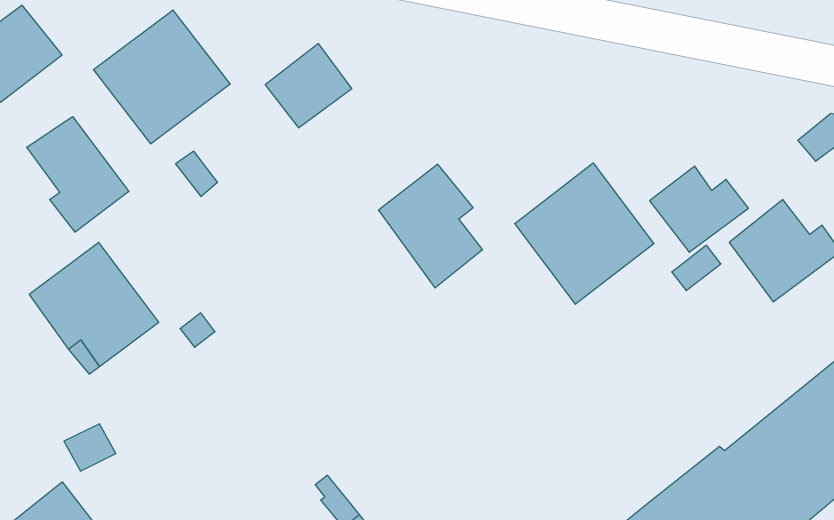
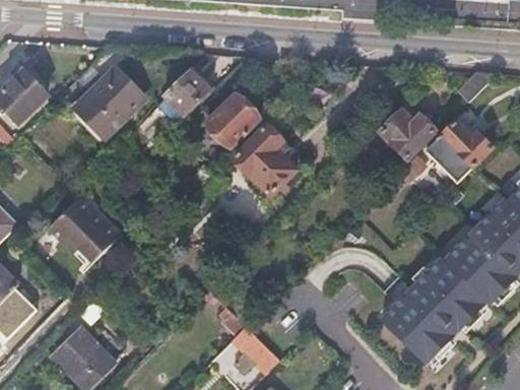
building: none -> [208,99,258,147]
building: [27,117,129,232] -> none
building: [515,163,654,304] -> none

